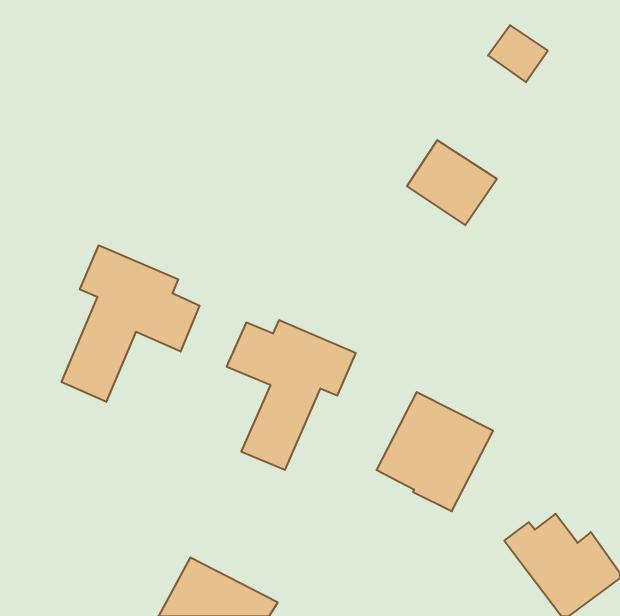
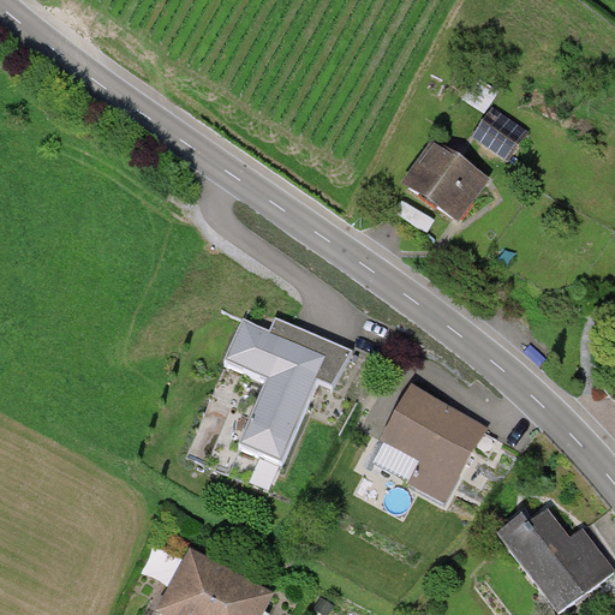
building: [488,25,548,82] -> [470,105,529,161]
building: [61,245,200,402] -> none

